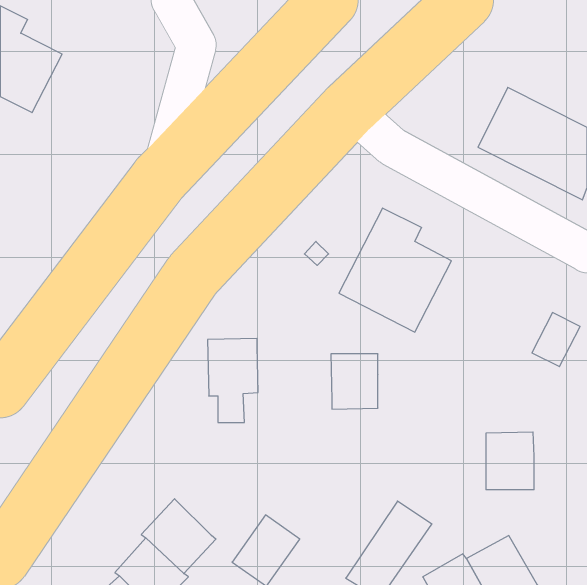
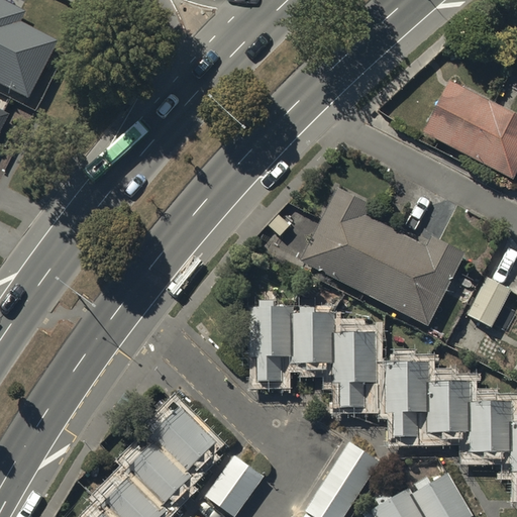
building: none -> [365,231,464,325]
building: [208,338,258,422] -> [247,306,292,380]
building: none -> [332,331,377,407]
building: none -> [385,363,427,436]
building: none -> [470,403,511,451]
building: none -> [149,406,216,473]

